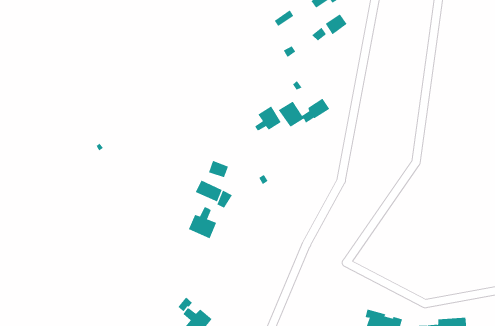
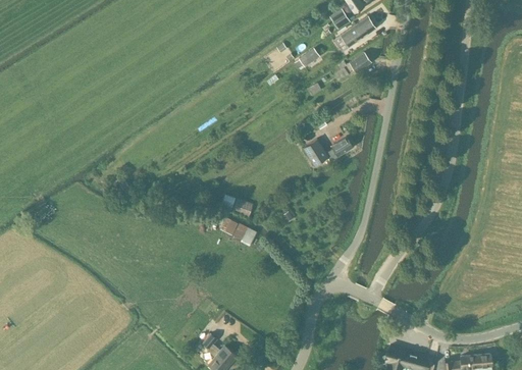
building: [255,105,281,132] -> none
building: [188,206,217,239] -> none

